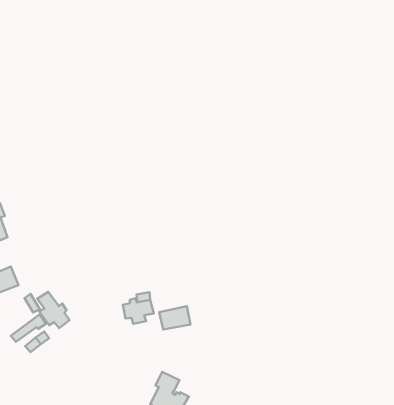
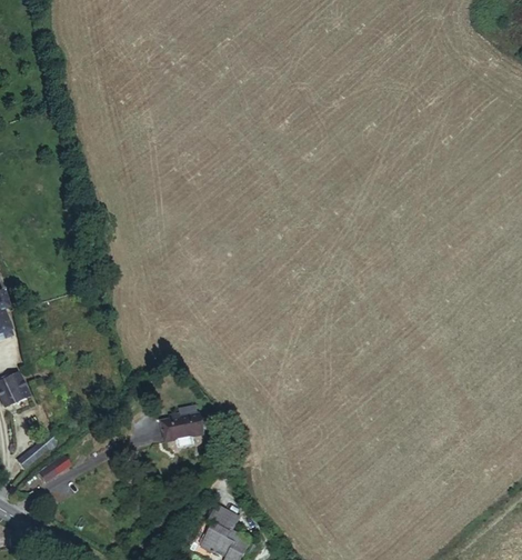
building: [37,292,69,328] -> none
building: [159,306,190,330] -> none

